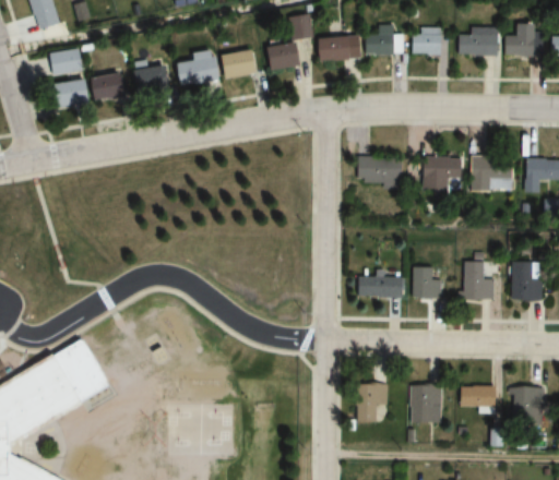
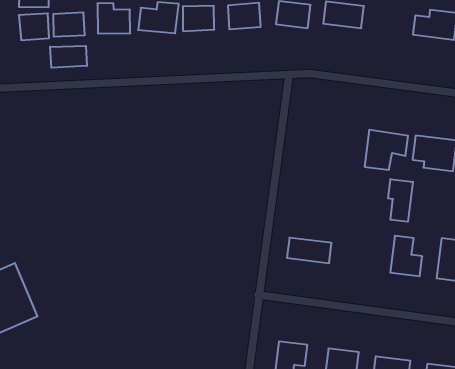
building: [412,31,442,55] -> none
building: none -> [50,46,87,68]
building: [359,157,405,188] -> none
building: none -> [388,179,413,222]
building: [413,267,443,298] -> none

